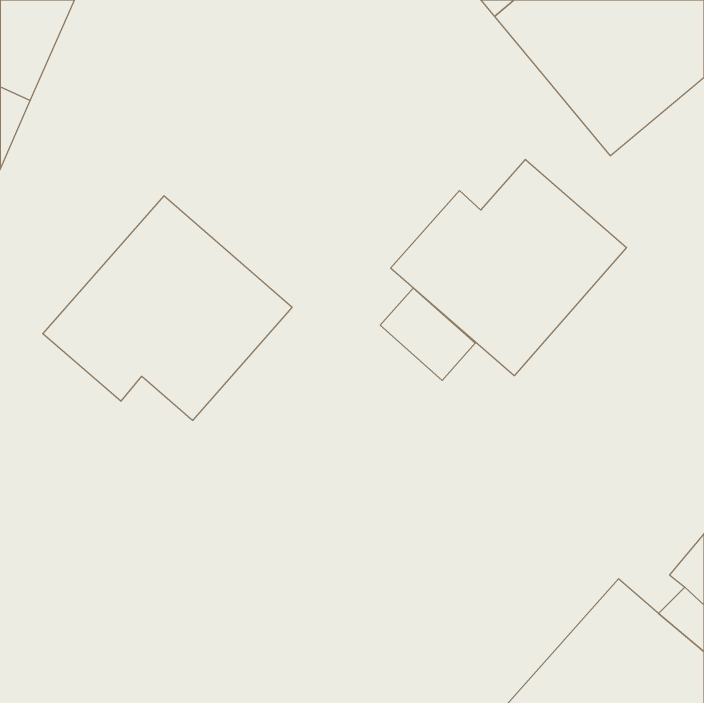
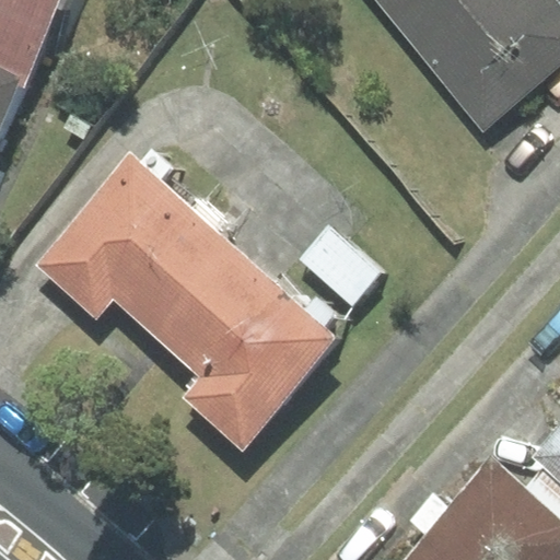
building: [391,159,627,376] -> none
building: none -> [153,245,339,448]

